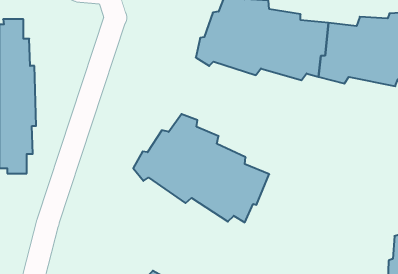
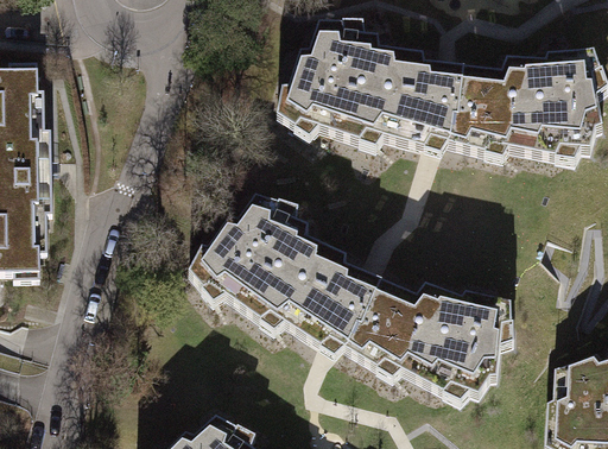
building: none -> [344,284,511,399]

